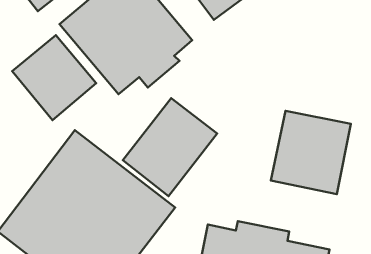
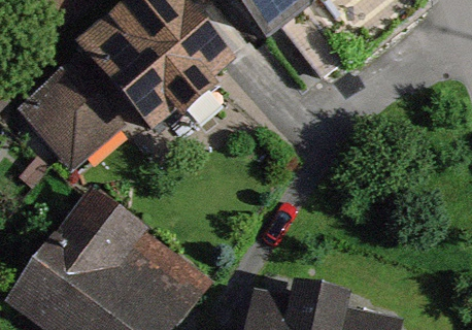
building: [123,98,217,196] -> none
building: [271,111,351,194] -> none

